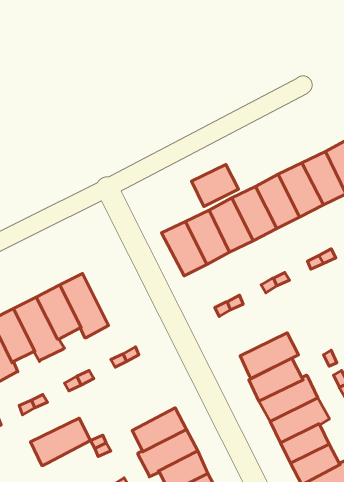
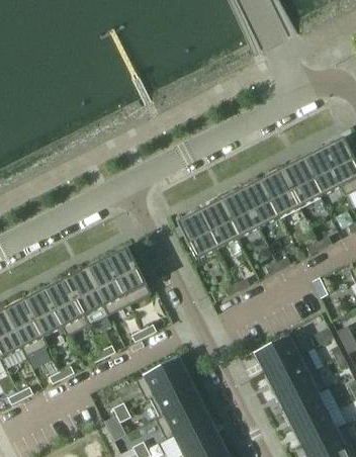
building: [192,164,239,206] -> none
building: none -> [106,246,152,303]
building: [240,333,298,379] -> none
building: [30,418,90,465] -> [136,357,189,399]

